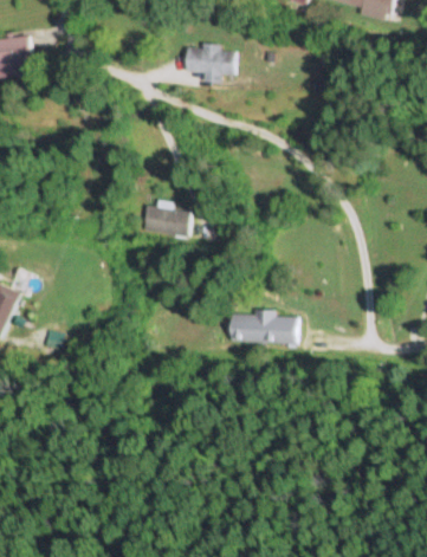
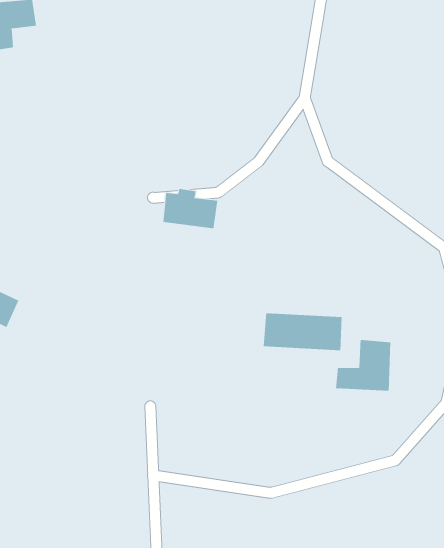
building: [185,44,235,85] -> none
building: none -> [336,339,391,392]

